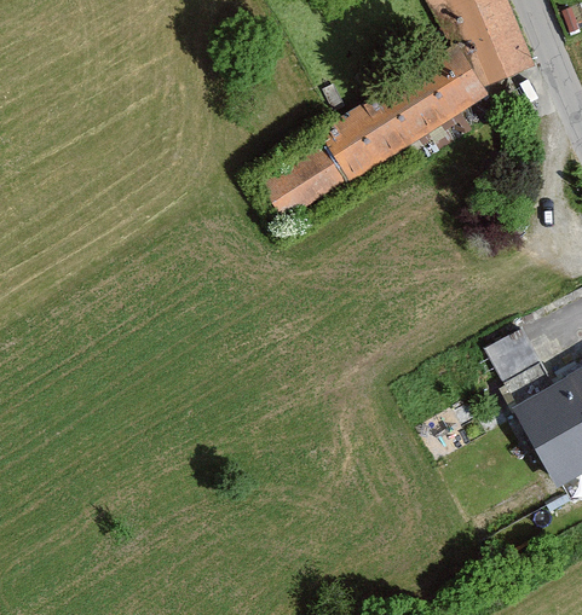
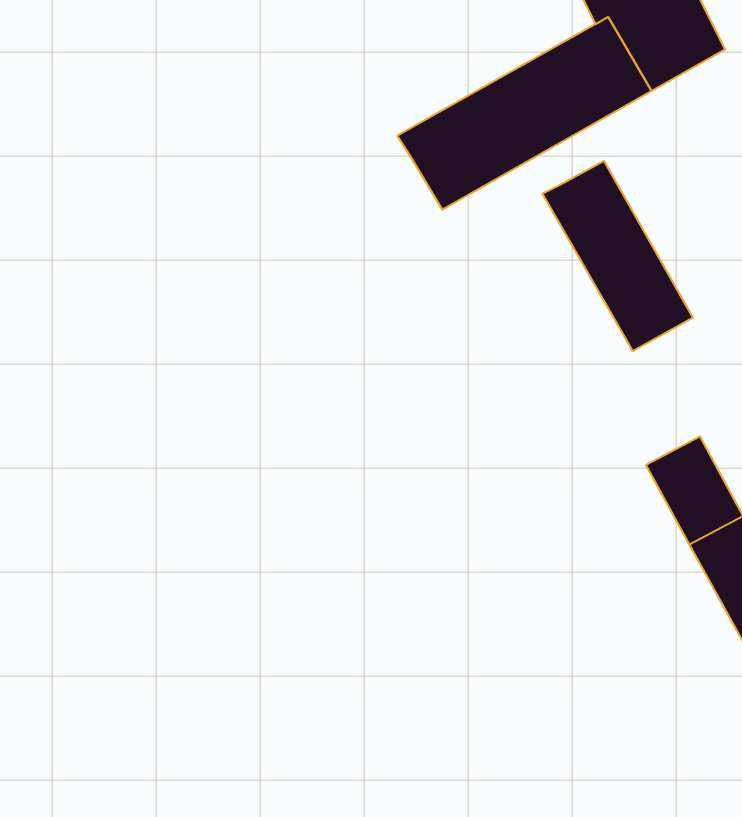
building: [257,143,348,220] -> none
building: none -> [542,161,693,351]

